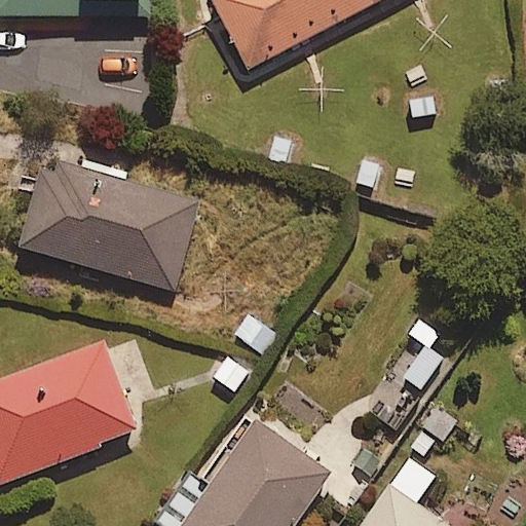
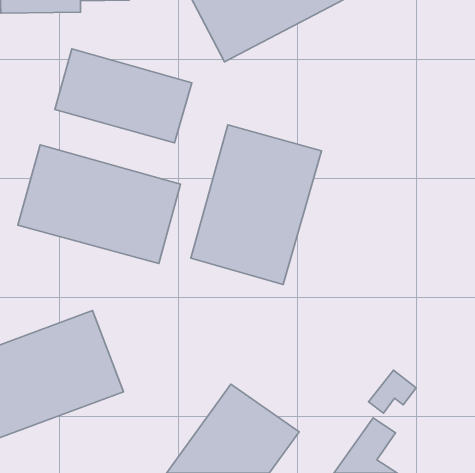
building: none -> [55,49,192,143]
building: none -> [191,125,322,285]

